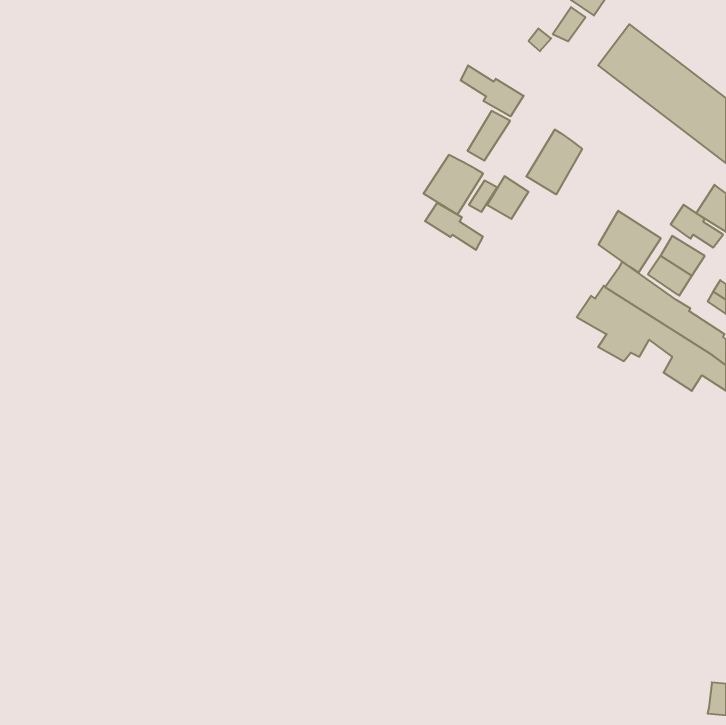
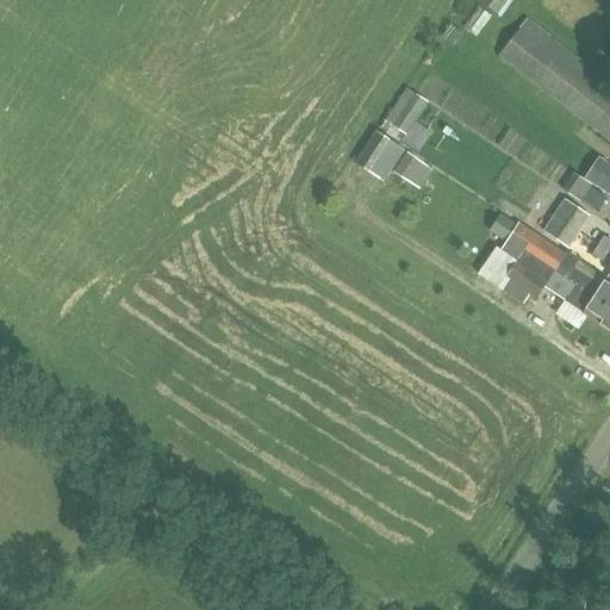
building: [461,65,524,116] -> none
building: [526,129,582,194] -> none
building: [425,203,483,250] -> none
building: [599,211,661,273] -> none

